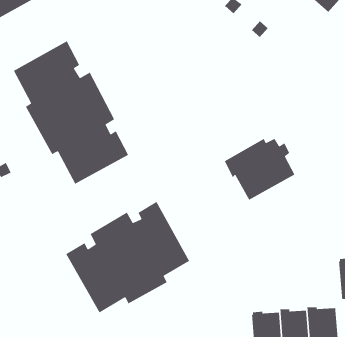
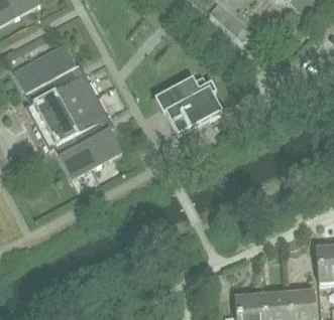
building: [224,138,296,201] -> [155,77,222,136]
building: [65,201,190,313] -> none

